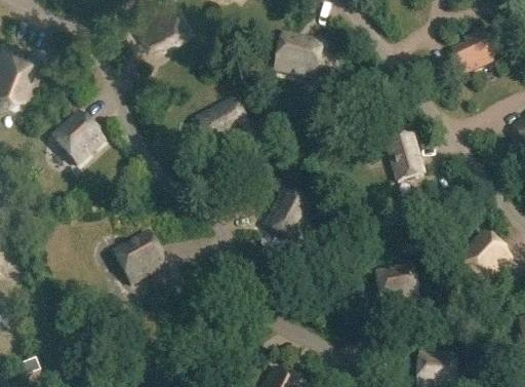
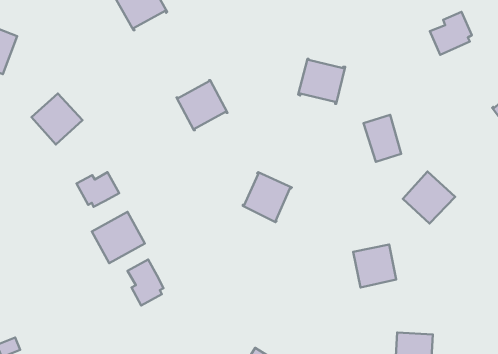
building: [275,33,322,78] -> [298,59,345,104]
building: none -> [76,172,119,207]
building: [458,232,511,284] -> [403,171,455,223]
building: none -> [128,259,164,305]

